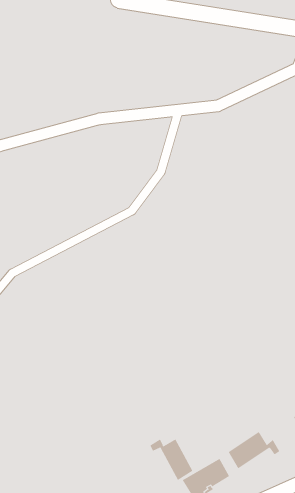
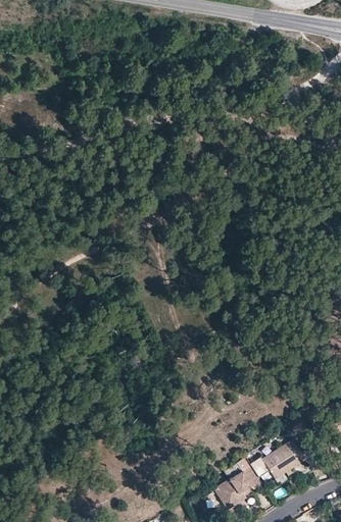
building: [149,438,193,481] -> none

